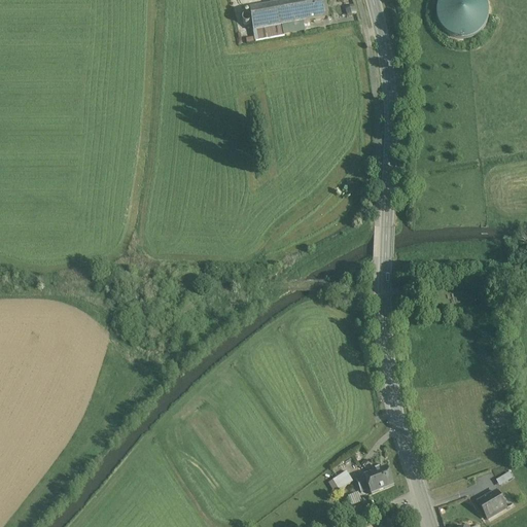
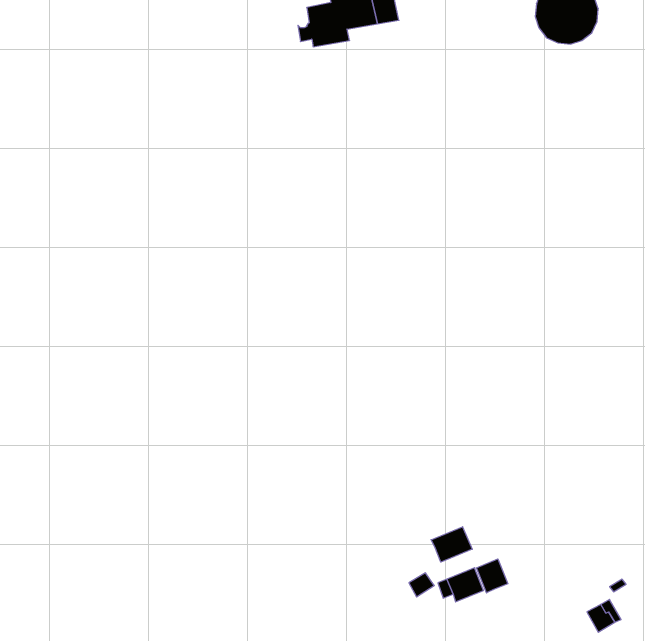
building: none -> [431,527,472,562]
building: none -> [476,559,508,593]

